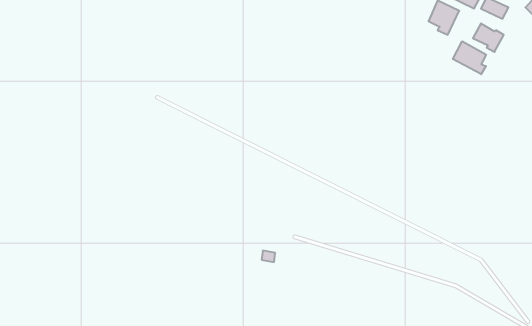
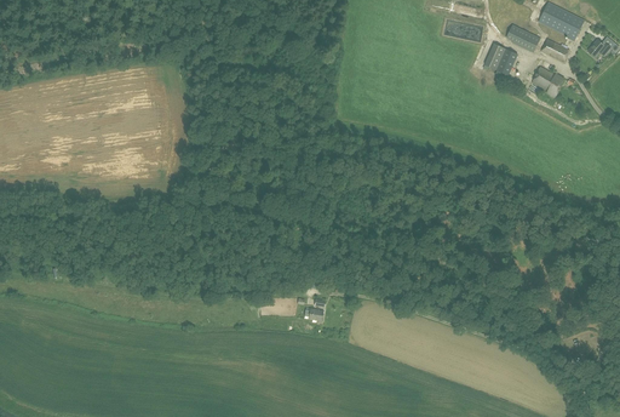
building: [453,41,486,74] -> none

